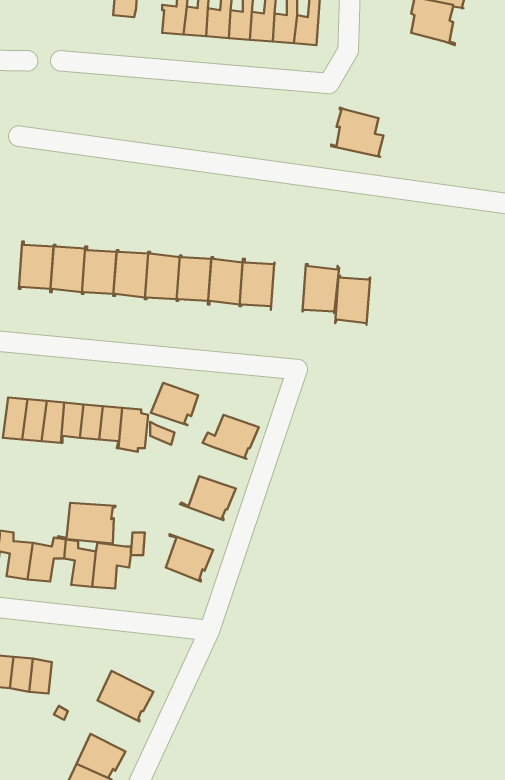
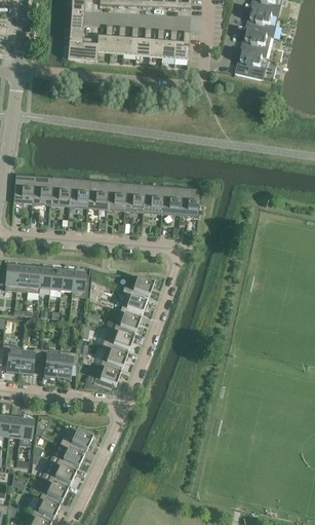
building: none -> [67,37,97,61]
building: [331,108,384,157] -> [235,50,266,79]
building: [335,276,370,325] -> [161,186,182,215]
building: [151,383,198,425] -> [119,294,147,318]
building: [57,503,116,544] -> none
building: none -> [102,328,133,354]
building: none -> [85,365,120,390]
building: none -> [55,443,84,473]

